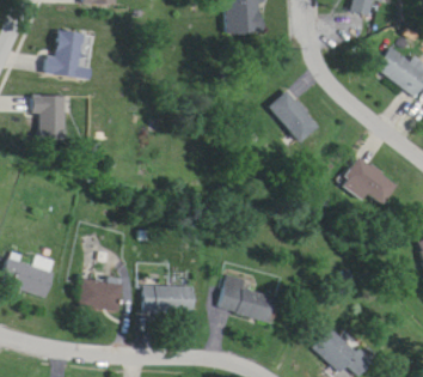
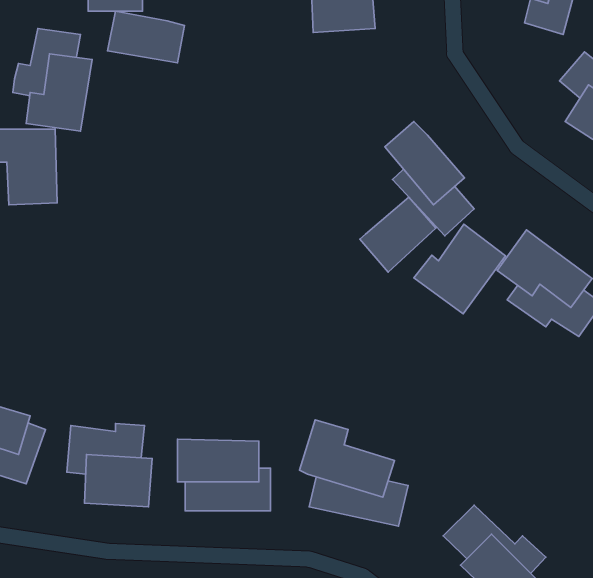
building: none -> [108,11,184,63]
building: none -> [360,197,436,272]
building: none -> [414,224,505,314]

